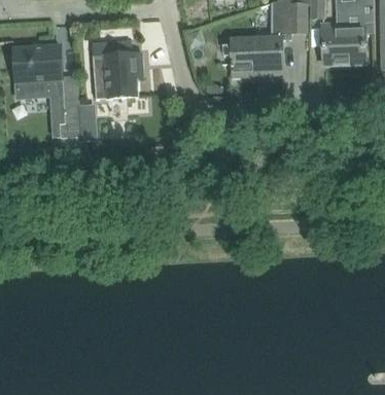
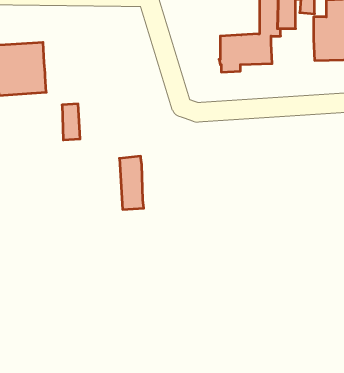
building: [92,40,143,98] -> none
building: [58,98,81,149] -> [119,156,144,209]

